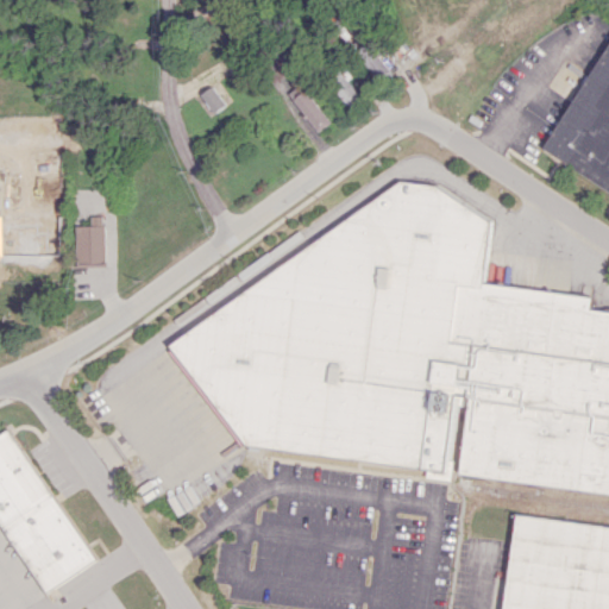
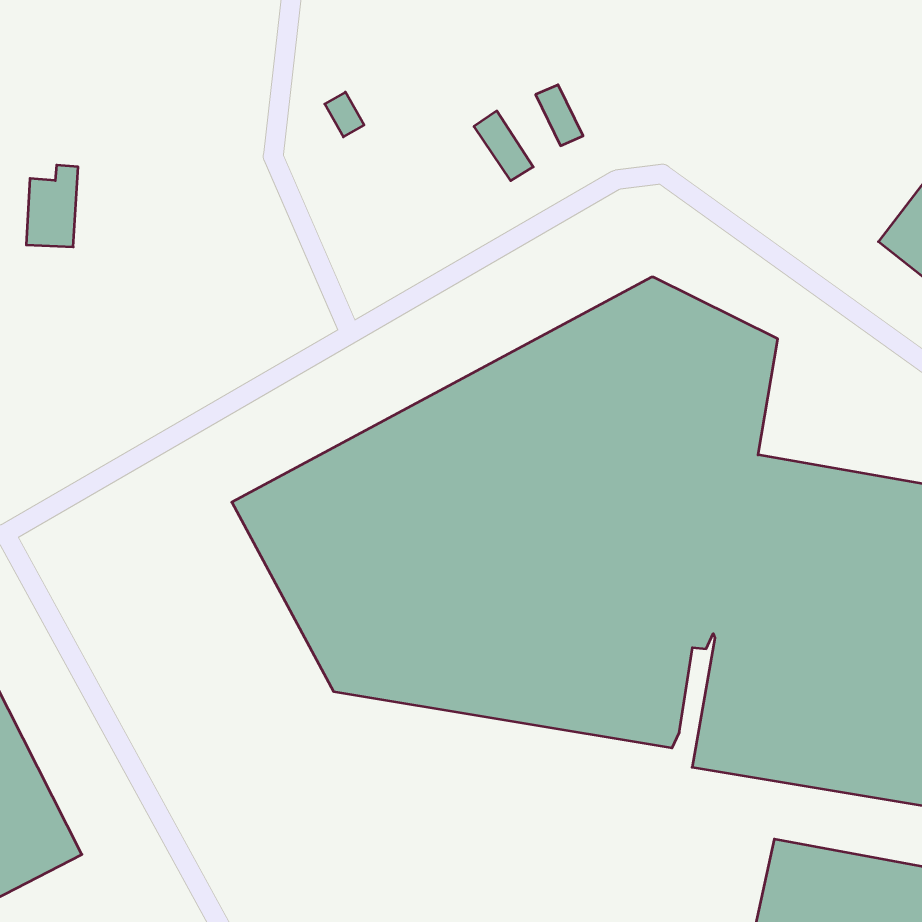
building: [76,216,106,266] -> [26,165,78,247]

